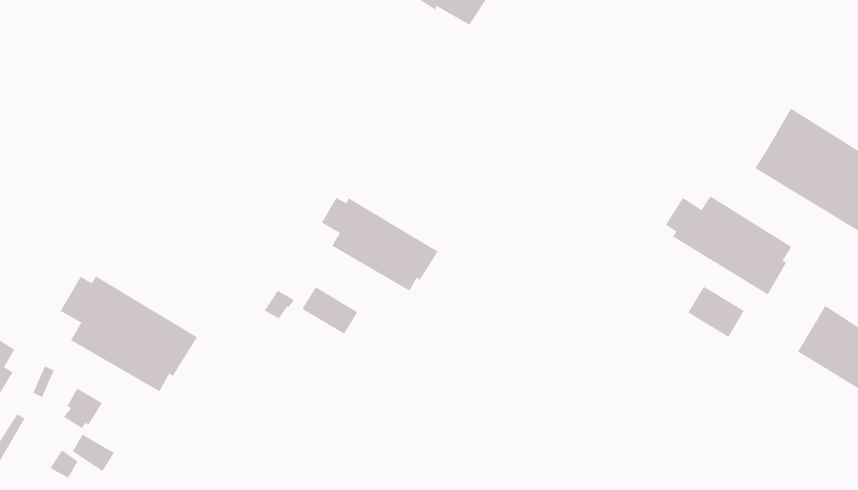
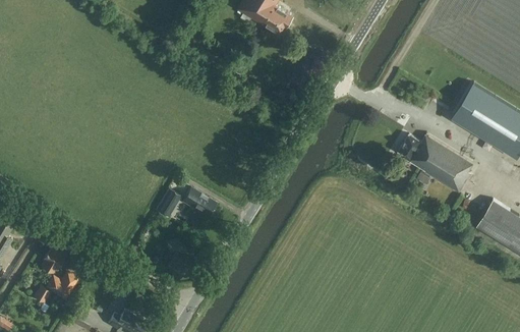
building: [321,197,438,291] -> none
building: [60,276,198,392] -> none
building: [688,286,745,338] -> none

